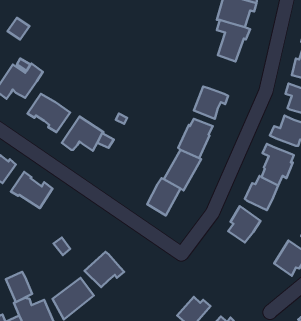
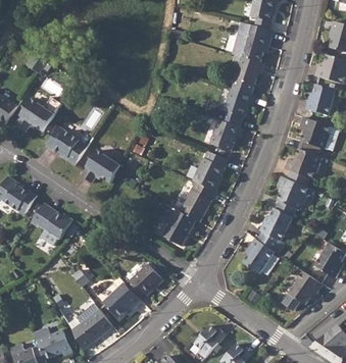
building: none -> [224,88,254,126]
building: none -> [126,263,160,297]
building: [6,272,32,302] -> none

